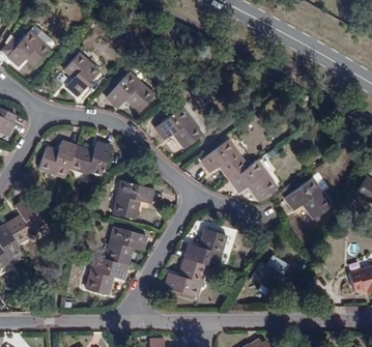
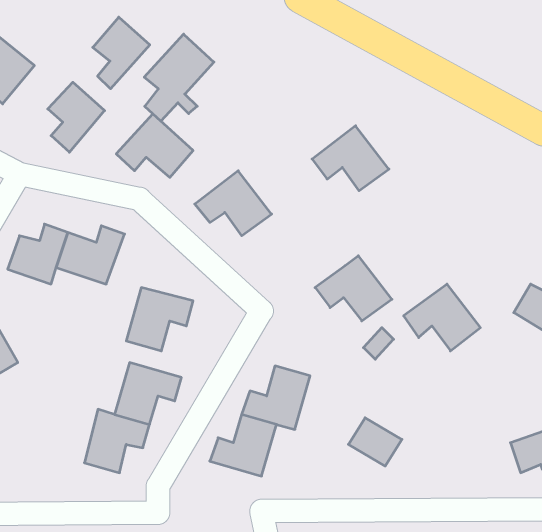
building: none -> [93,17,150,89]
building: none -> [144,34,214,121]
building: [200,139,248,179] -> [312,126,389,191]

